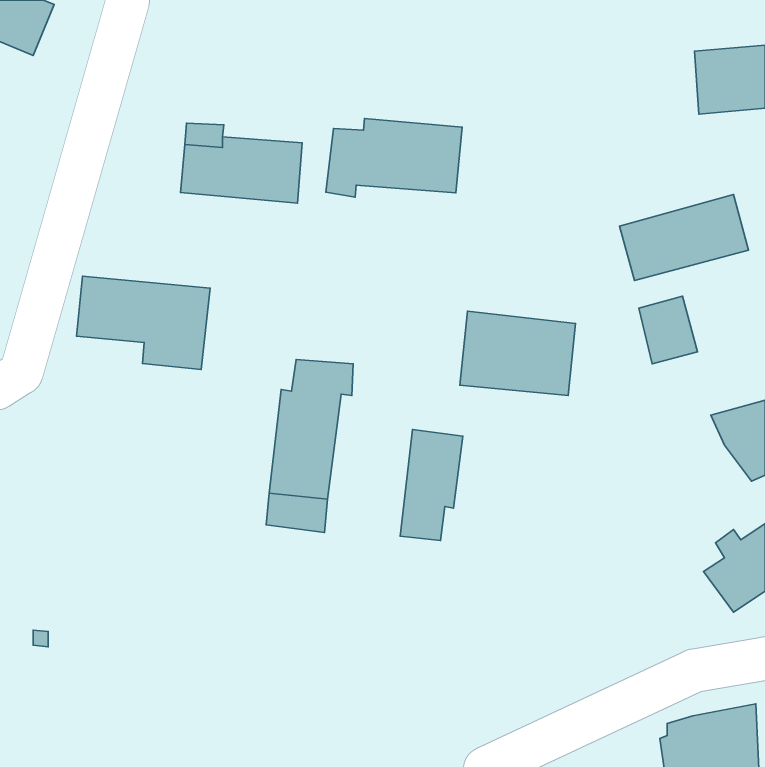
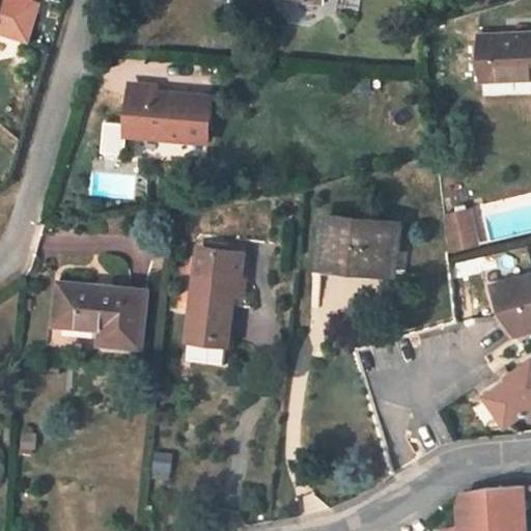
building: [326,118,462,197] -> none
building: [620,194,748,281] -> none
building: [76,276,210,369] -> [54,283,146,347]
building: [400,429,463,541] -> none

